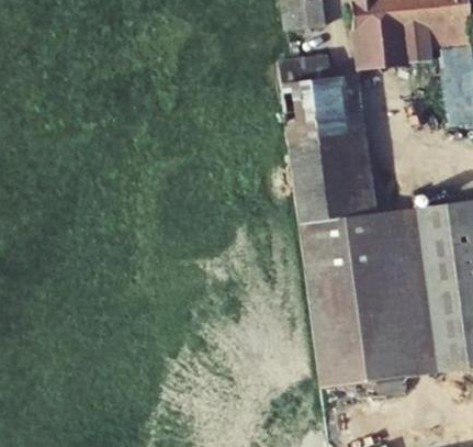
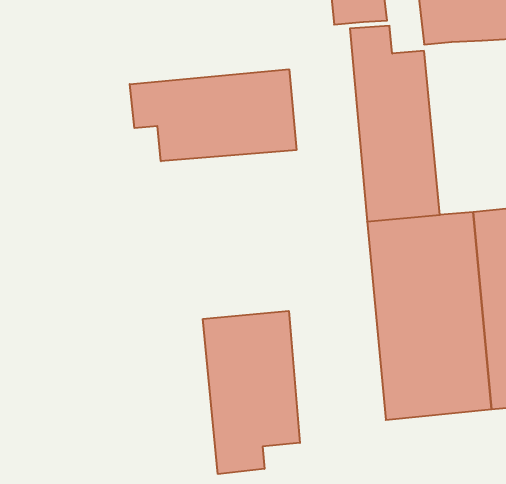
building: none -> [130,69,296,161]
building: none -> [203,311,300,474]

